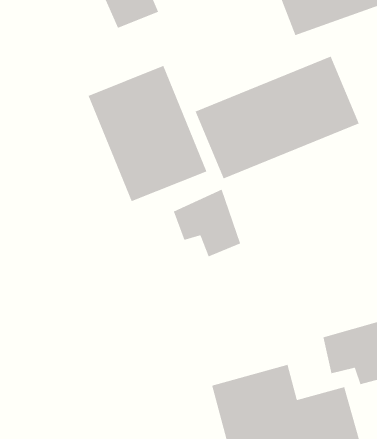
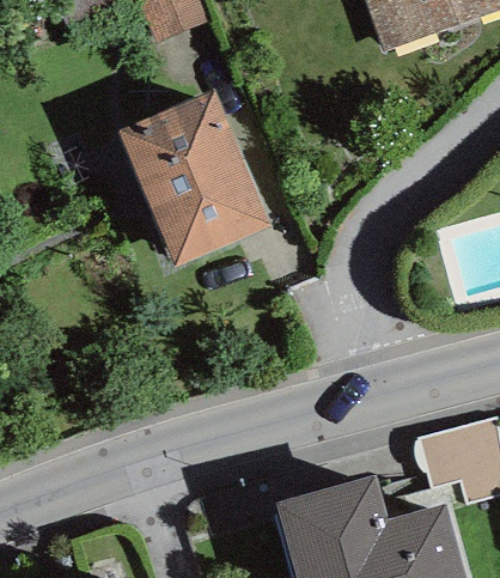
building: [195,55,360,179] -> none
building: [173,189,241,258] -> none

